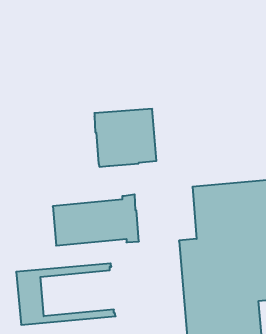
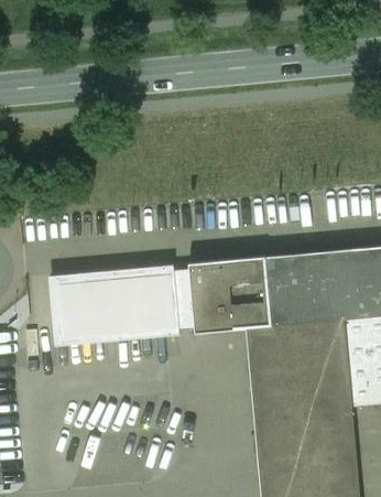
building: [94,109,156,167] -> [188,258,270,334]
building: [16,263,116,325] -> [48,266,179,346]

